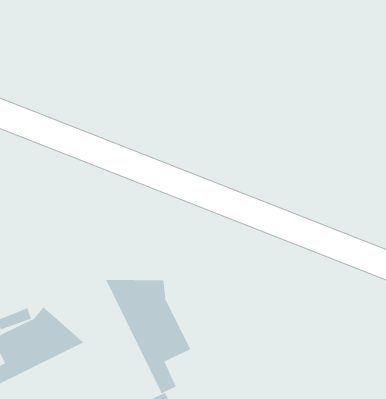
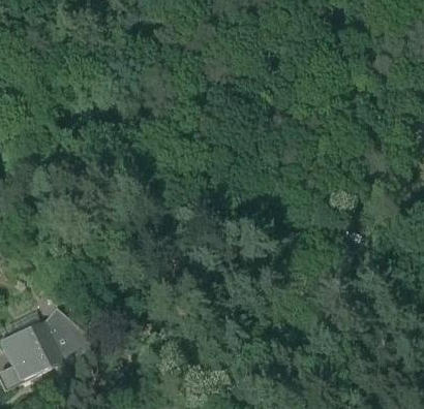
building: [105,279,191,394] -> none

